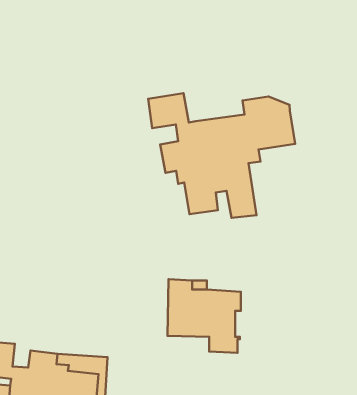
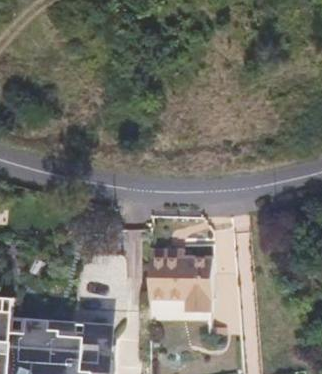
building: [148,93,295,218] -> none

